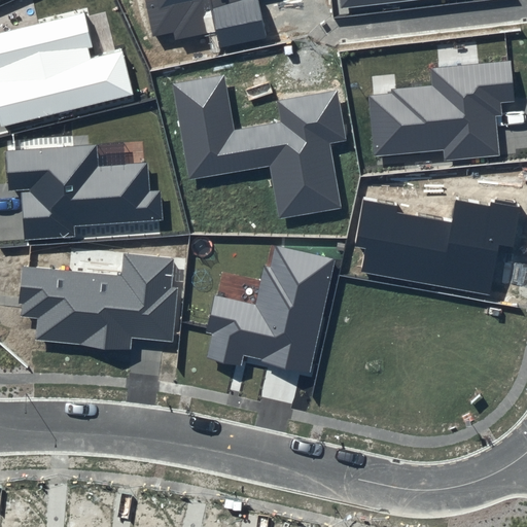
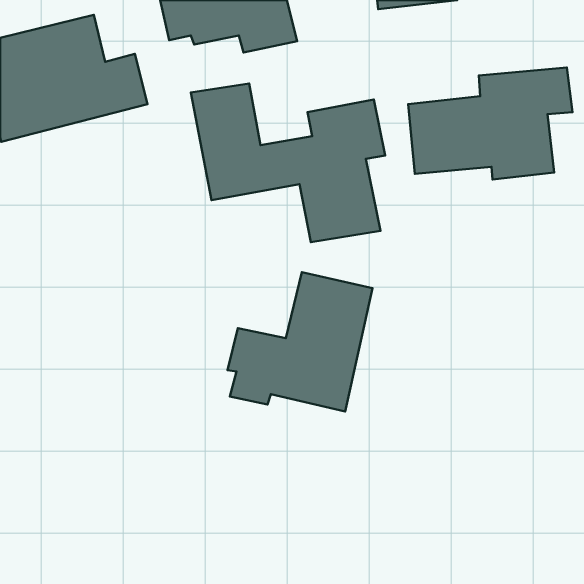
building: [5,144,163,241] -> none
building: [354,199,520,292] -> none
building: [16,253,179,351] -> none

